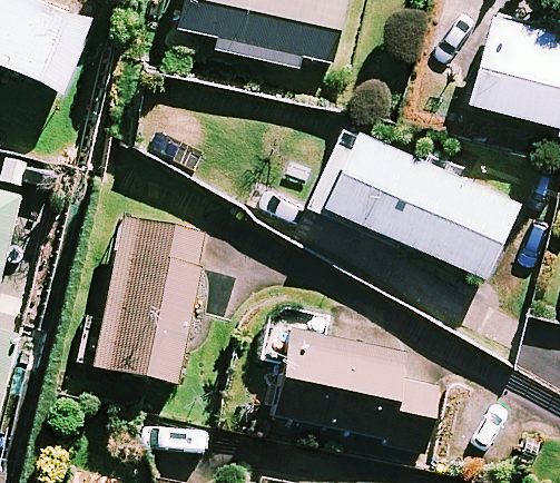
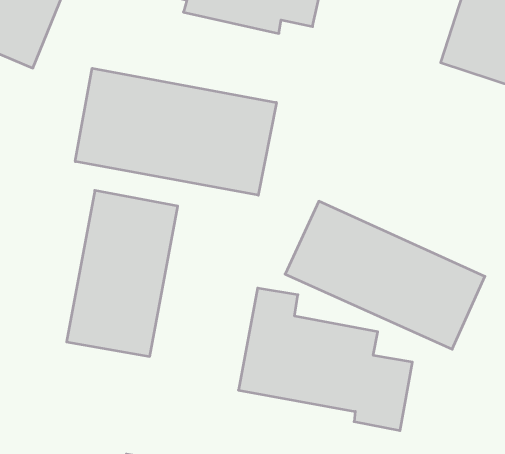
building: none -> [75,68,276,195]
building: [322,127,520,274] -> [285,201,485,349]

